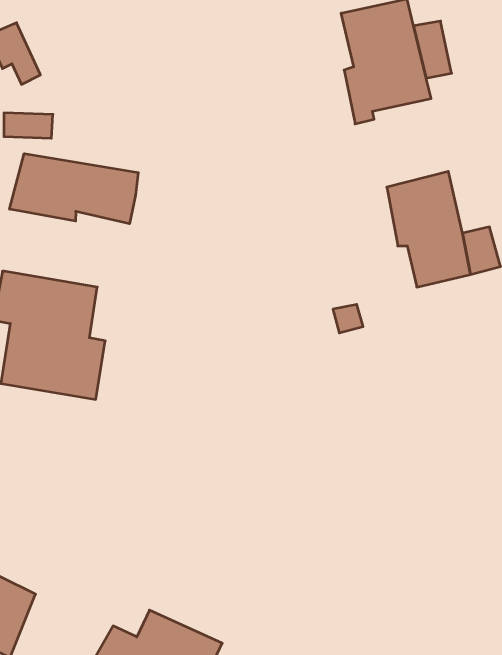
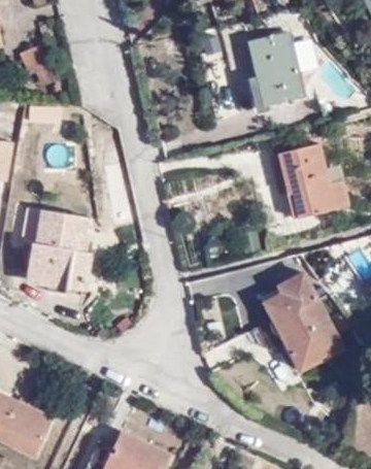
building: [10,154,138,224] -> none
building: none -> [262,274,340,370]

